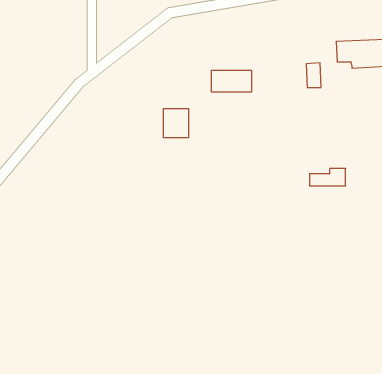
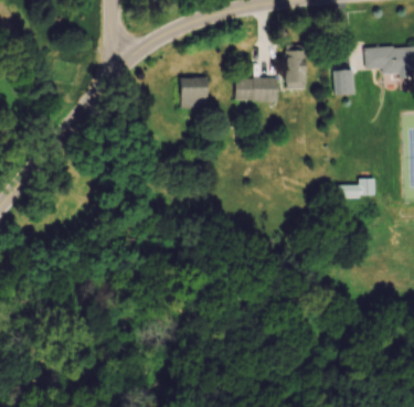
building: none -> [286,44,307,90]
building: [163,109,189,138] -> [181,77,208,107]

